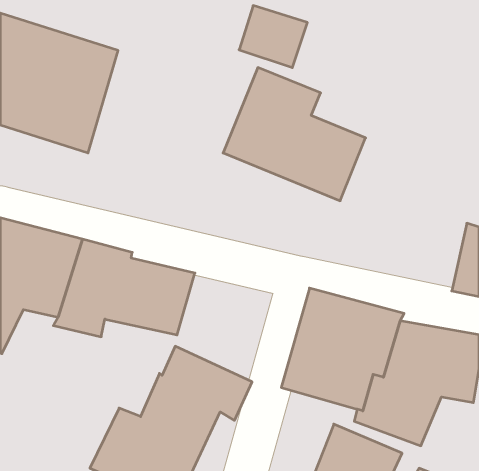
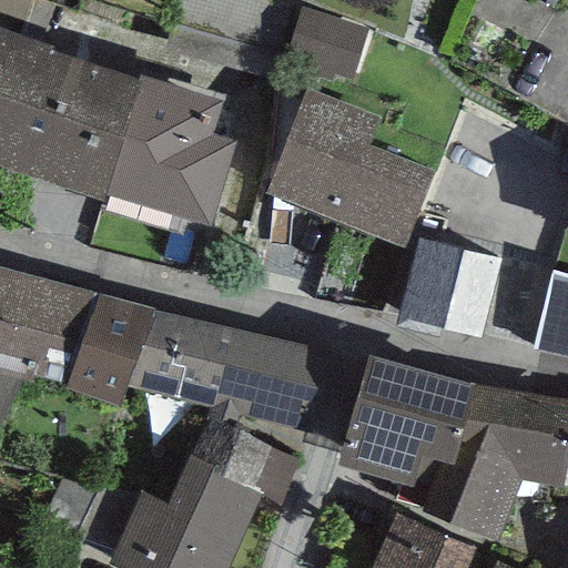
building: none -> [104,70,240,223]
building: none -> [396,239,499,338]
building: none -> [210,333,328,435]

